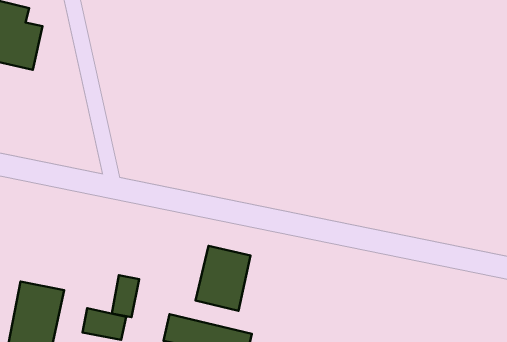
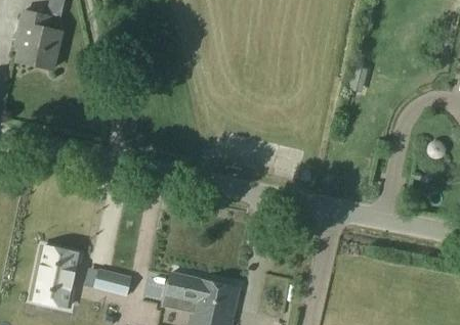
building: [196,246,250,311] -> none
building: [112,275,139,317] -> none

